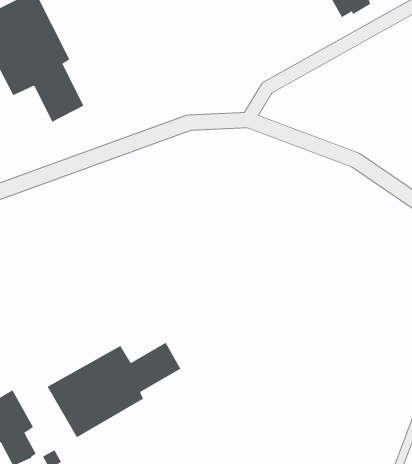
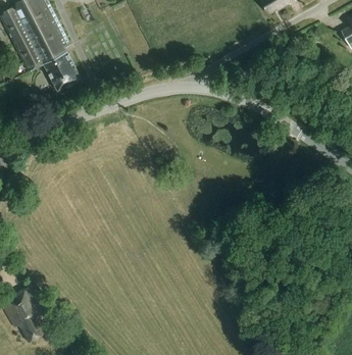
building: [47,342,181,438] -> none

